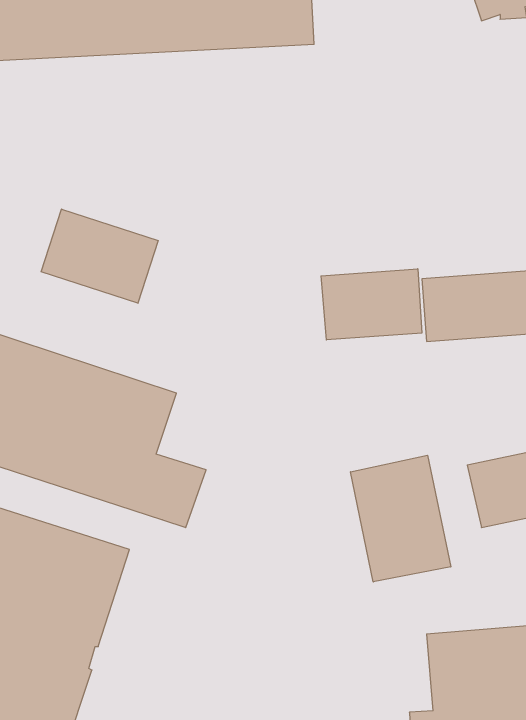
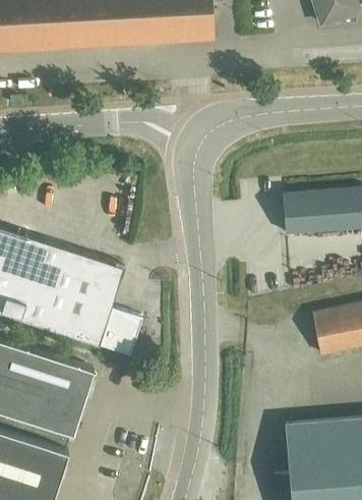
building: [41,209,158,303] -> none
building: [321,269,422,340] -> none
building: [351,455,451,582] -> none

